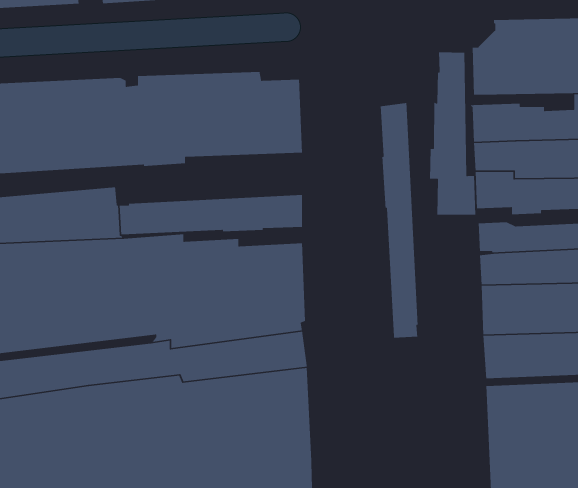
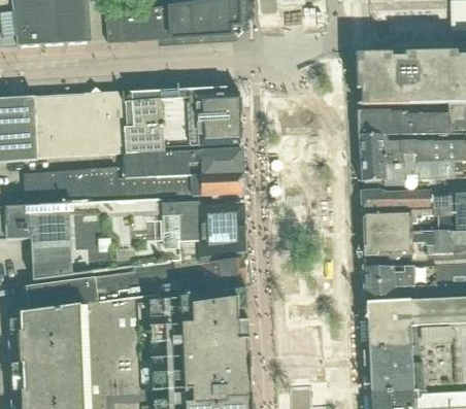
building: [429,51,476,216] -> none
building: [380,102,418,339] -> none
building: none -> [124,147,243,176]

